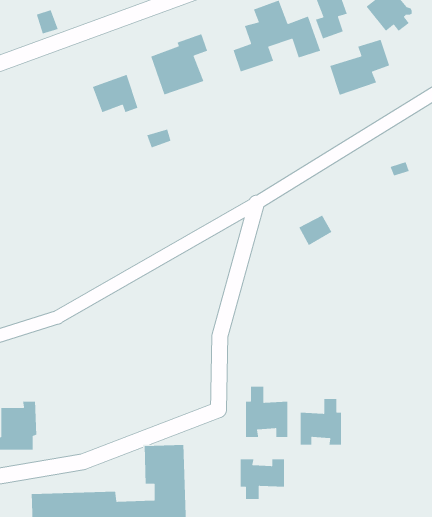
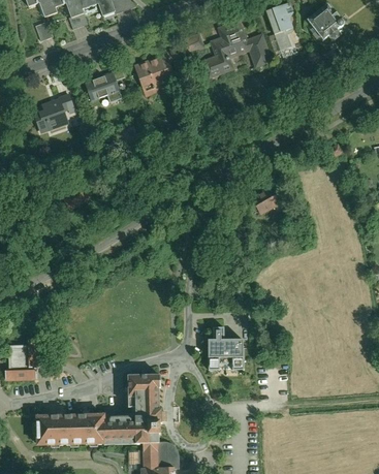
building: [329,39,390,96] -> none
building: none -> [33,89,75,129]
building: [300,398,342,446] -> none
building: [240,458,285,500] -> none

